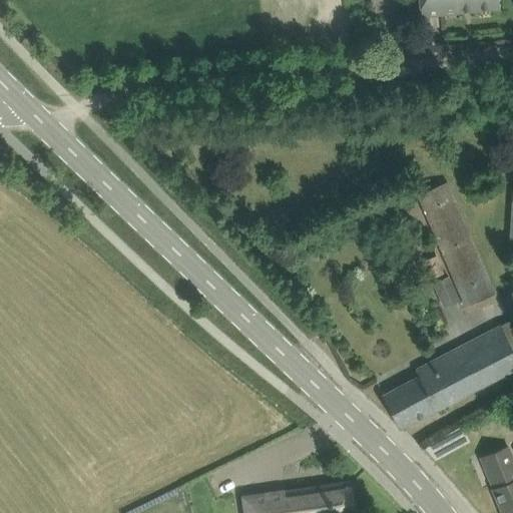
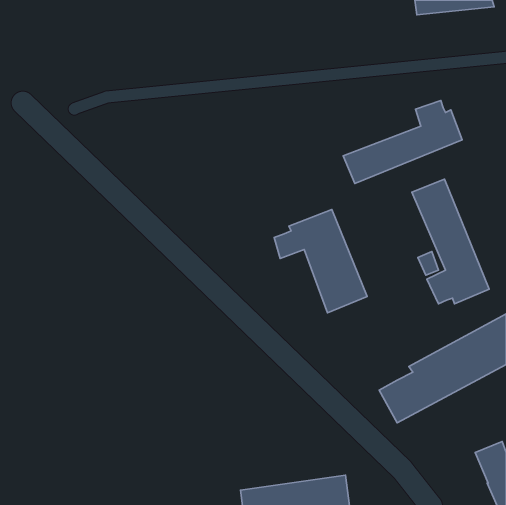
building: none -> [343,101,462,184]
building: none -> [274,210,367,313]

